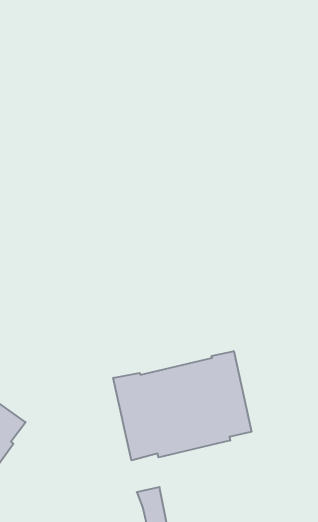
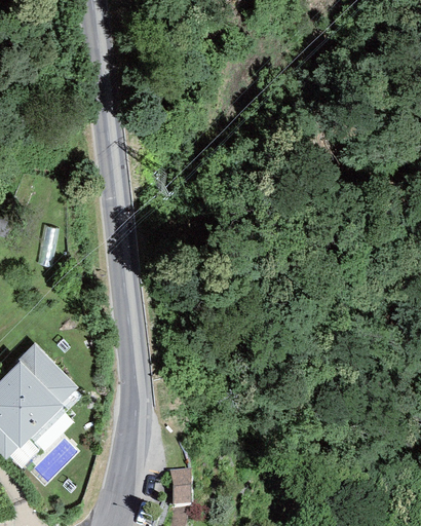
building: [113,351,252,460] -> none

